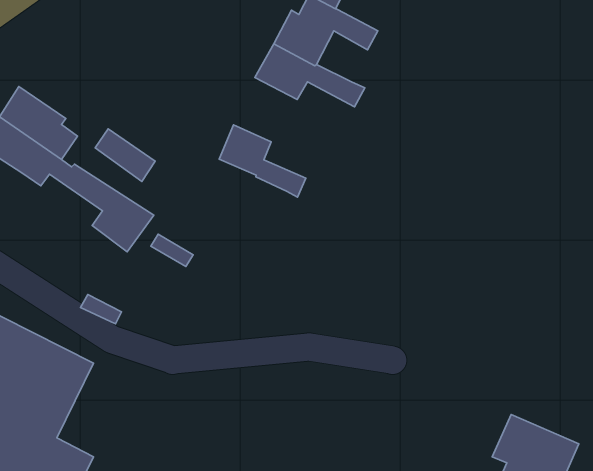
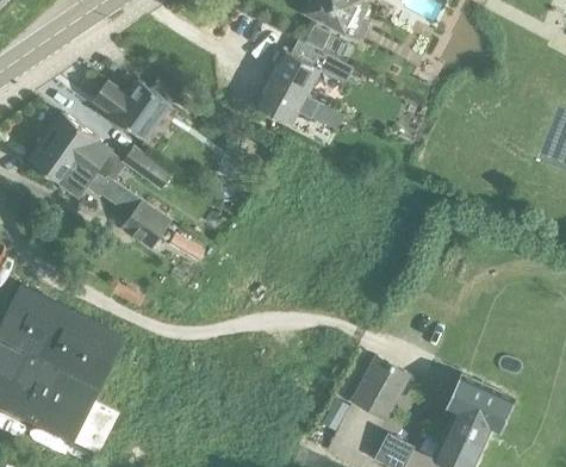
building: none -> [92,80,168,138]
building: [219,125,306,197] -> none
building: none -> [343,354,404,419]

